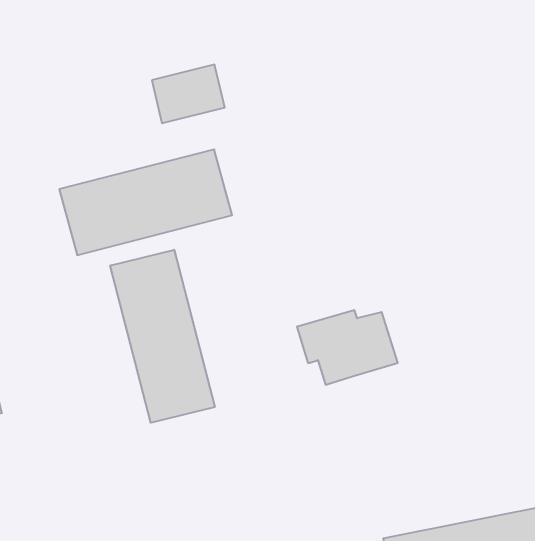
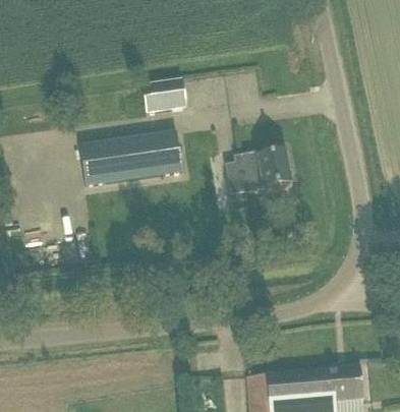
building: [110,250,215,423] -> none
building: [297,310,398,385] -> [233,150,291,192]

